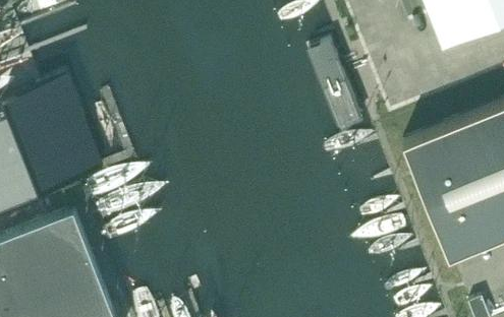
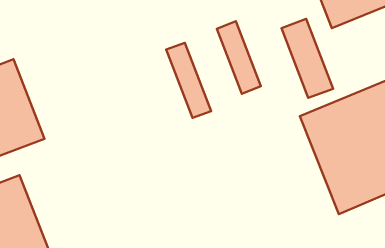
building: none -> [281,19,333,98]
building: none -> [166,43,211,118]

